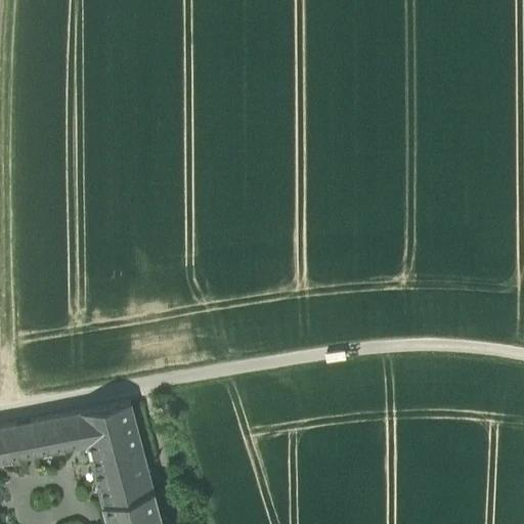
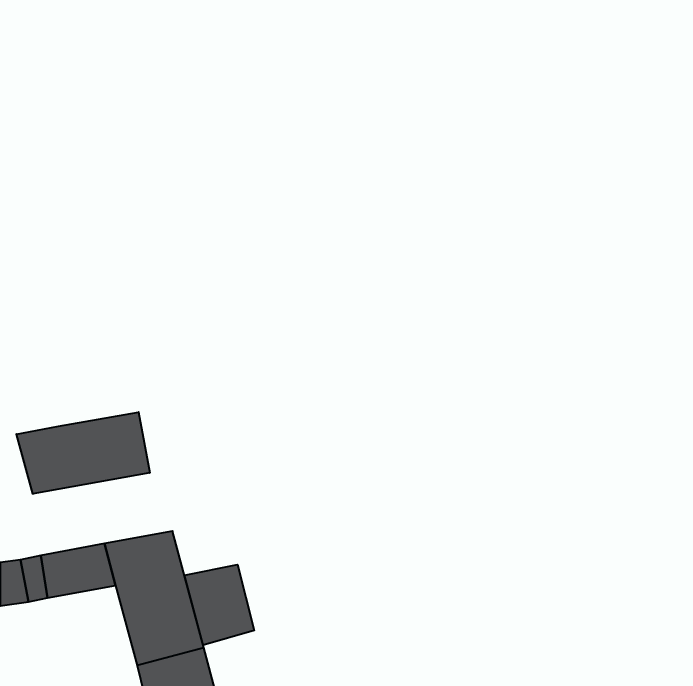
building: none -> [16,412,150,494]
building: none -> [184,565,254,645]

